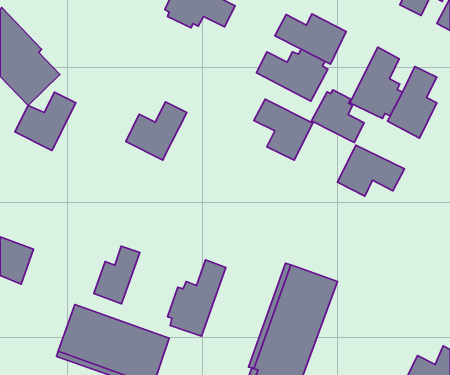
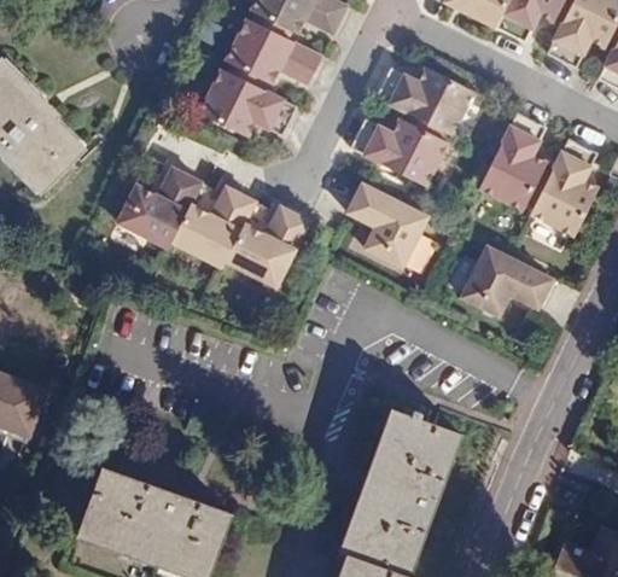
building: none -> [199,68,297,136]
building: [311,90,364,142] -> none
building: [15,92,76,150] -> [118,168,202,247]
building: none -> [226,206,310,287]
building: [94,246,140,304] -> none
building: [167,260,226,336] -> none

